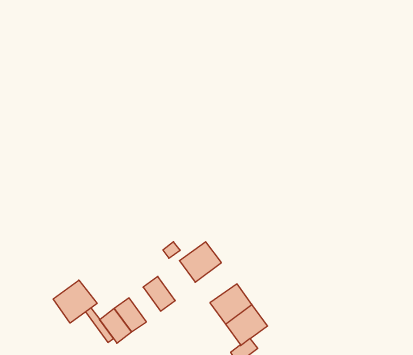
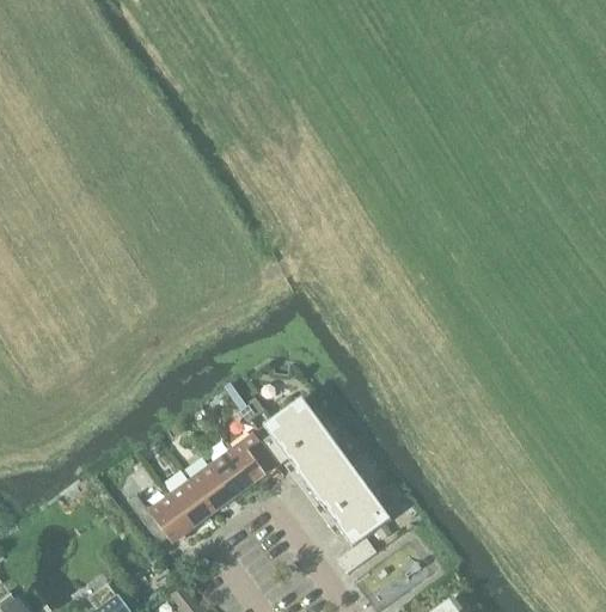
building: none -> [286,427,347,485]
building: none -> [232,433,278,482]
building: [53,280,97,323] -> none
building: none -> [190,463,235,513]

